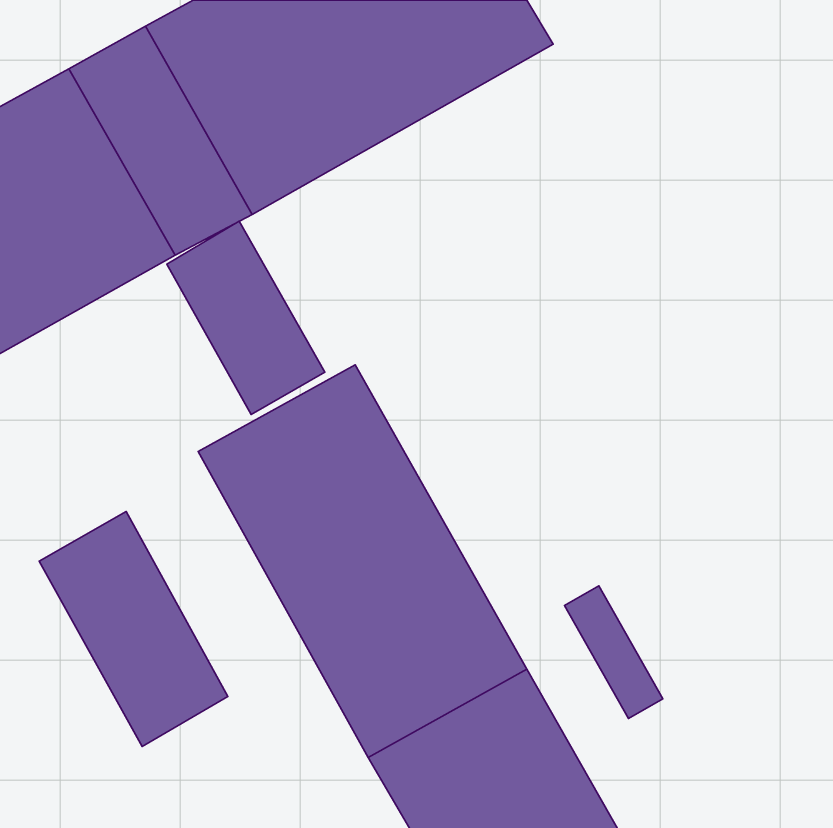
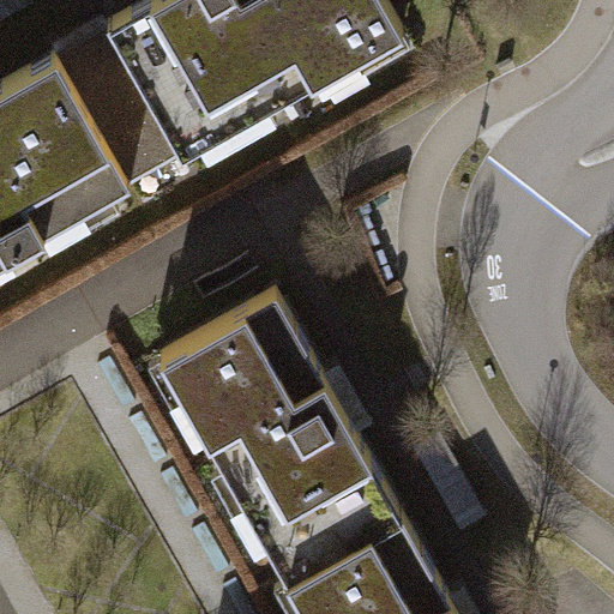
building: [167,221,325,415] -> none
building: [39,512,228,747] -> none

